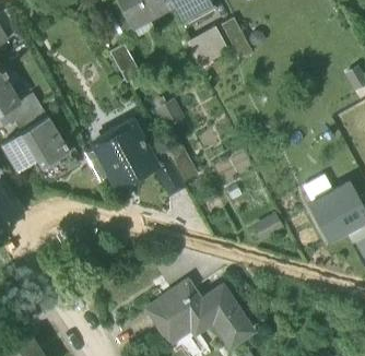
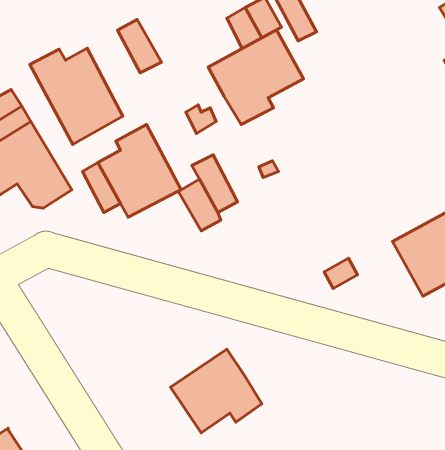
building: none -> [208,30,304,125]
building: none -> [30,48,123,145]
building: [201,286,252,345] -> none

